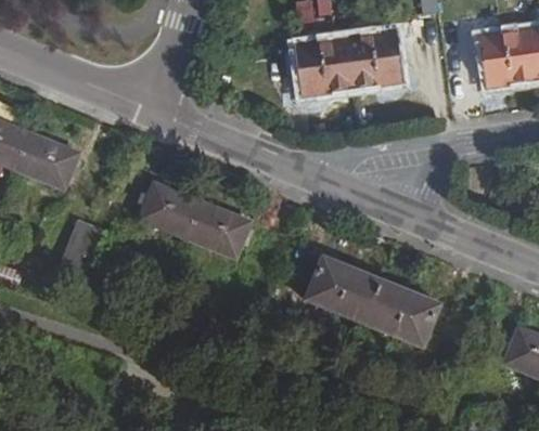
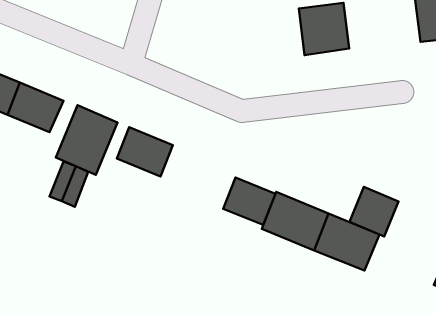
building: [297,45,354,105] -> none
building: none -> [56,105,117,175]
building: [189,201,248,256] -> [223,178,275,225]
building: none -> [350,187,398,236]

